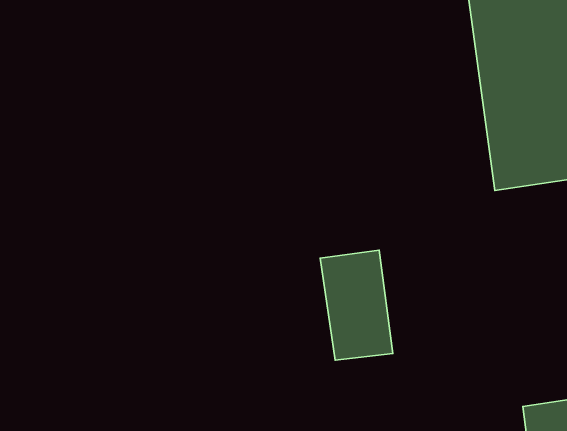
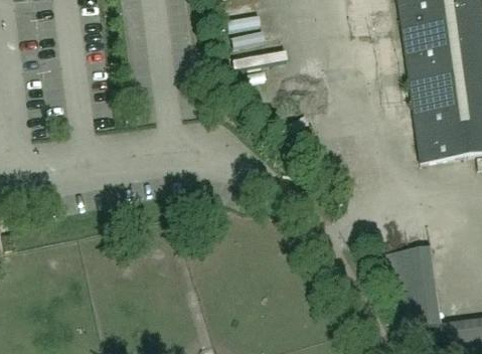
building: [320,250,393,360] -> [387,245,442,328]

